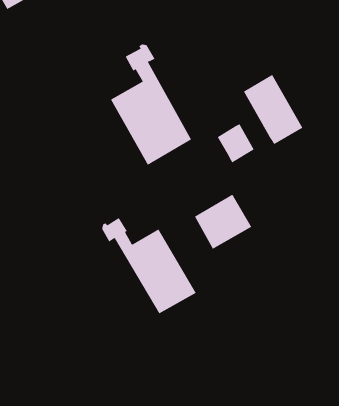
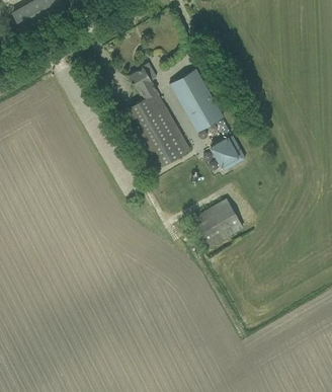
building: [243,74,303,145] -> [169,67,223,130]
building: [101,217,197,314] -> none

